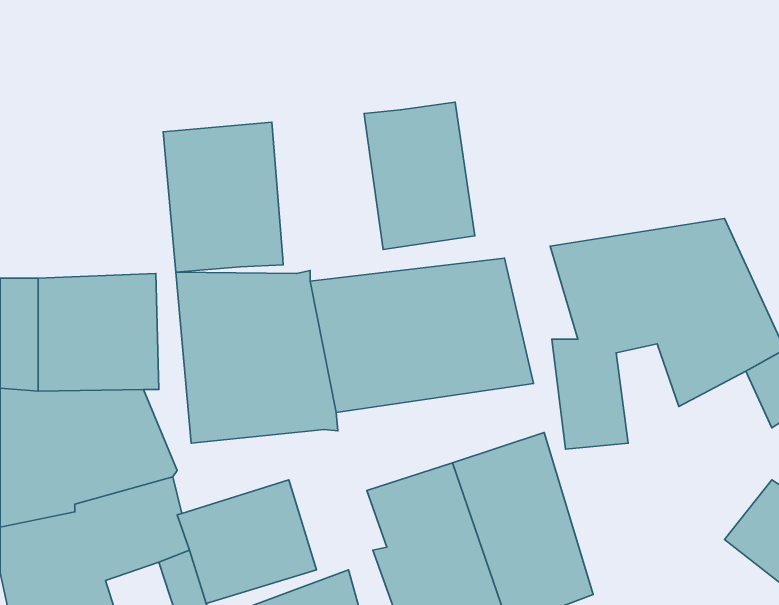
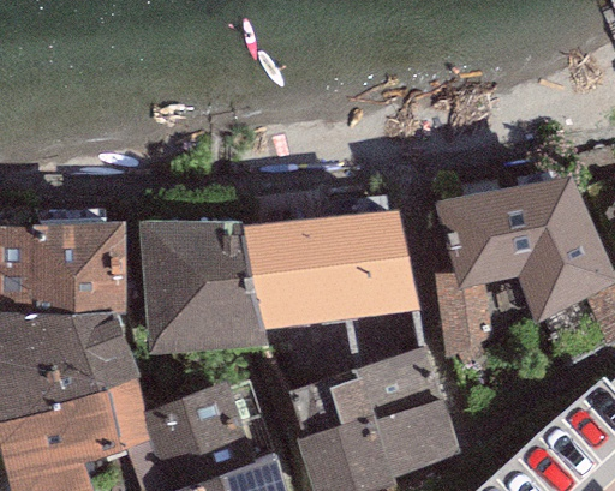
building: [364,102,475,249] -> none
building: [163,122,283,272] -> none

